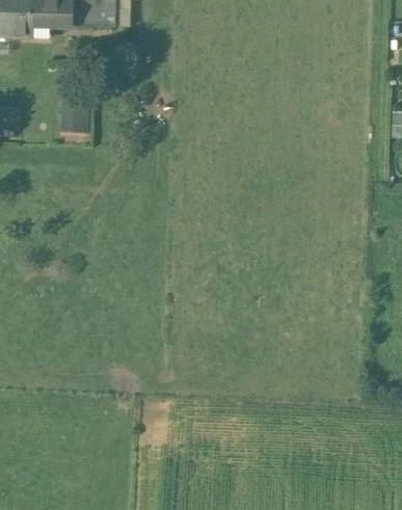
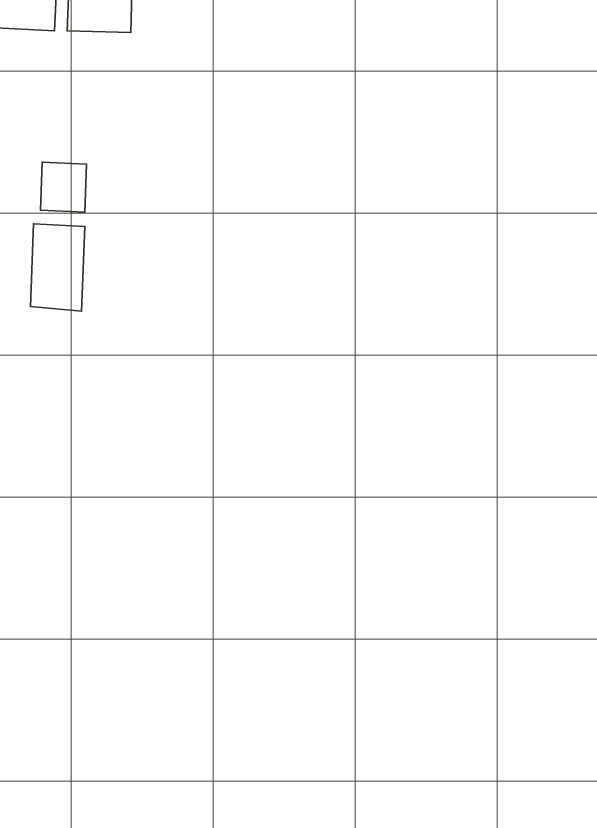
building: none -> [30,224,85,311]

